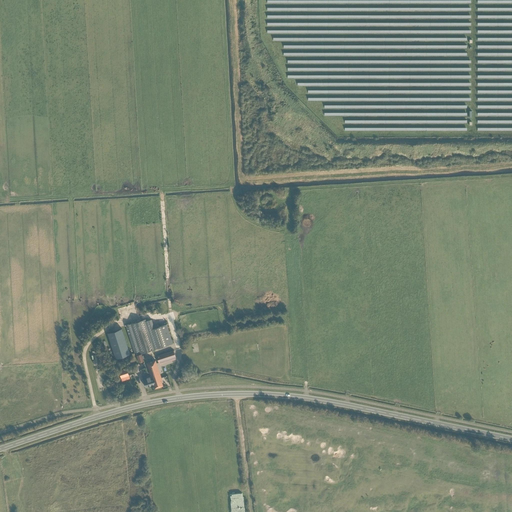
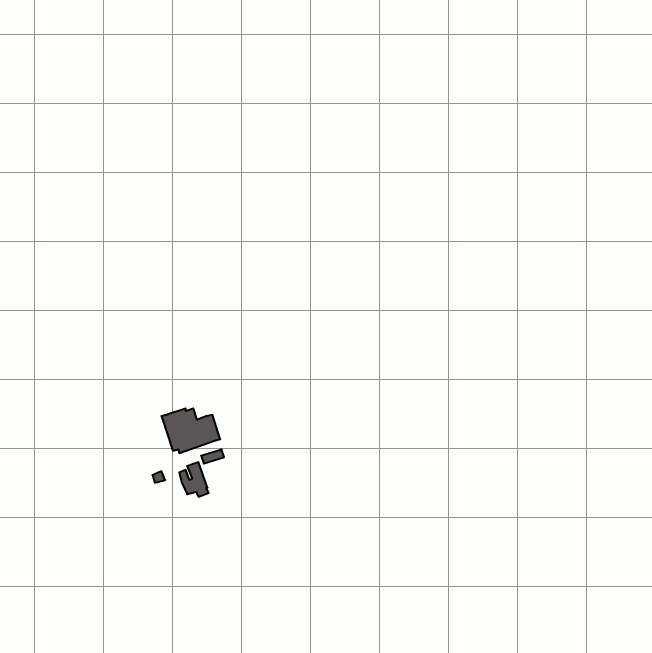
building: [109,329,132,360] -> none

